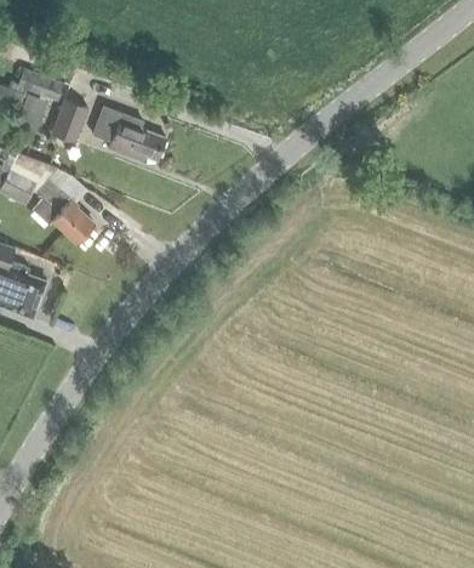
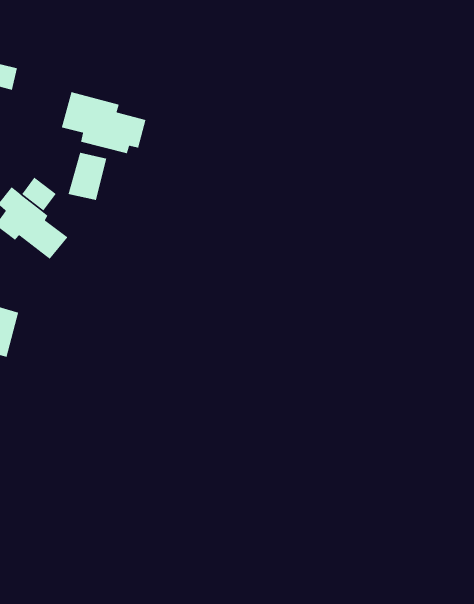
building: [51,98,86,140] -> [67,152,107,201]

